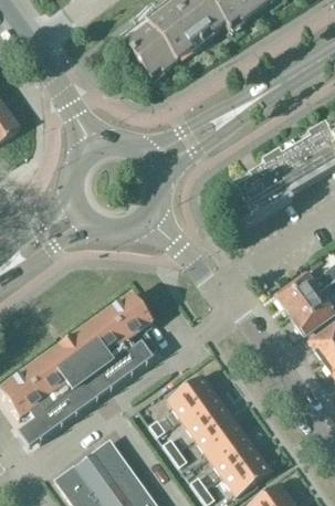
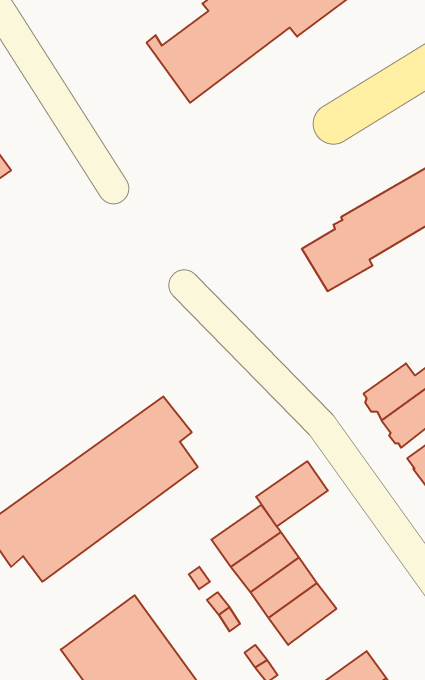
building: none -> [256,461,328,526]
building: [222,451,272,497] -> none

